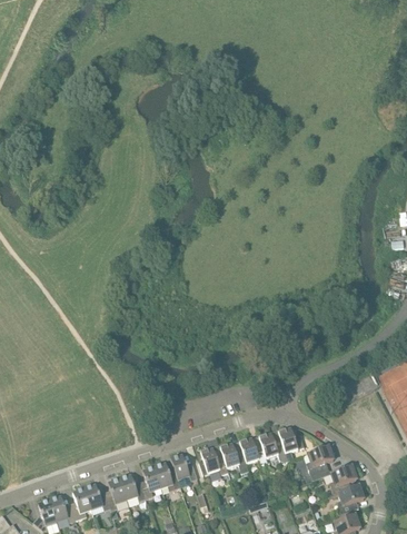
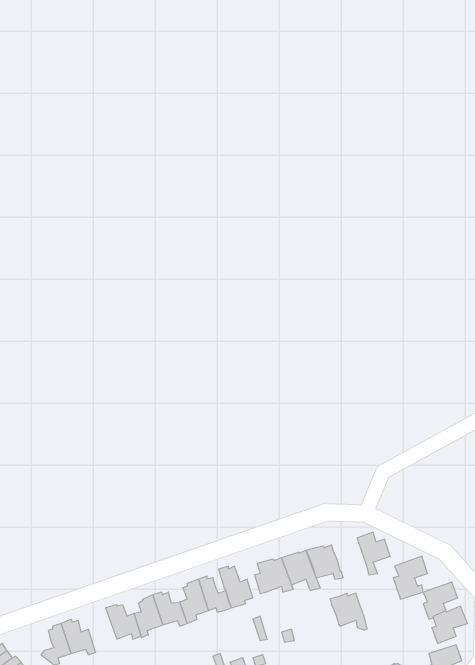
building: [259,433,288,462] -> [330,593,367,630]
building: [70,486,92,521] -> none

